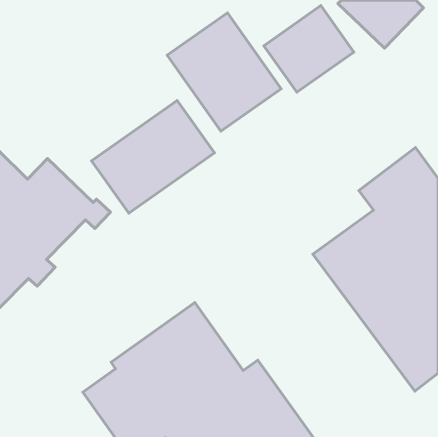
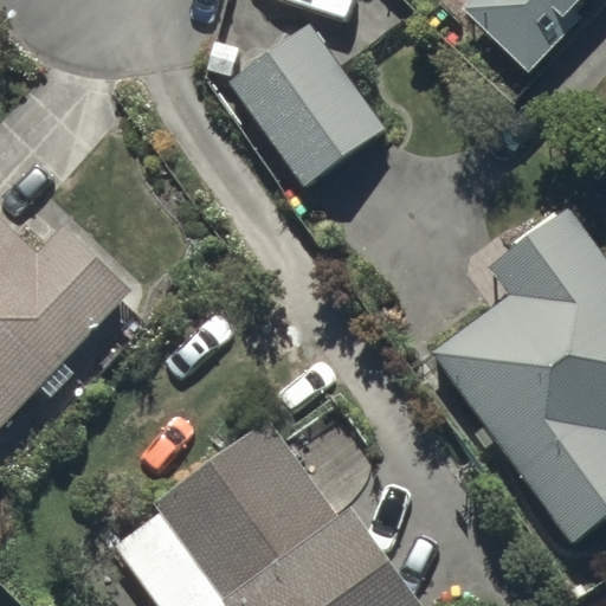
building: [264,6,354,92] -> none
building: [91,100,214,213] -> none

